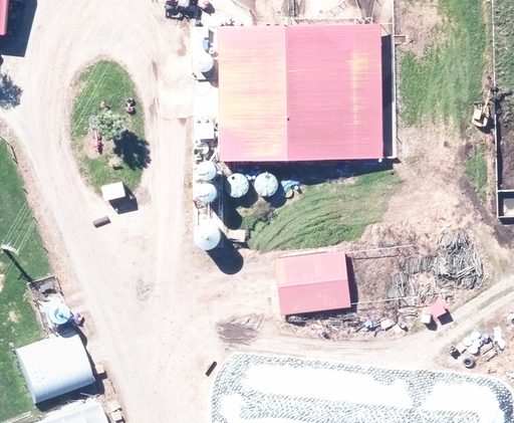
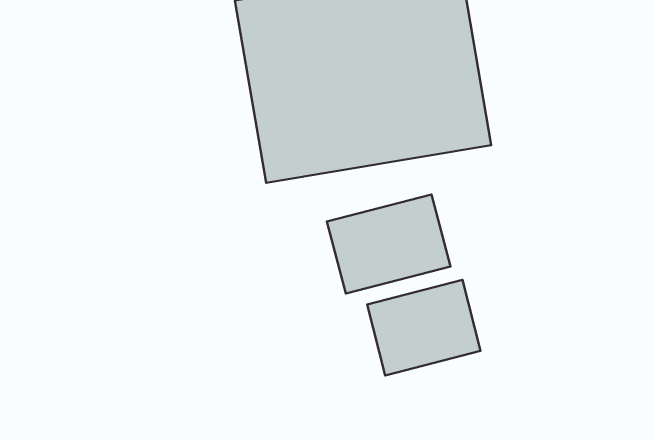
building: none -> [327,194,450,294]

